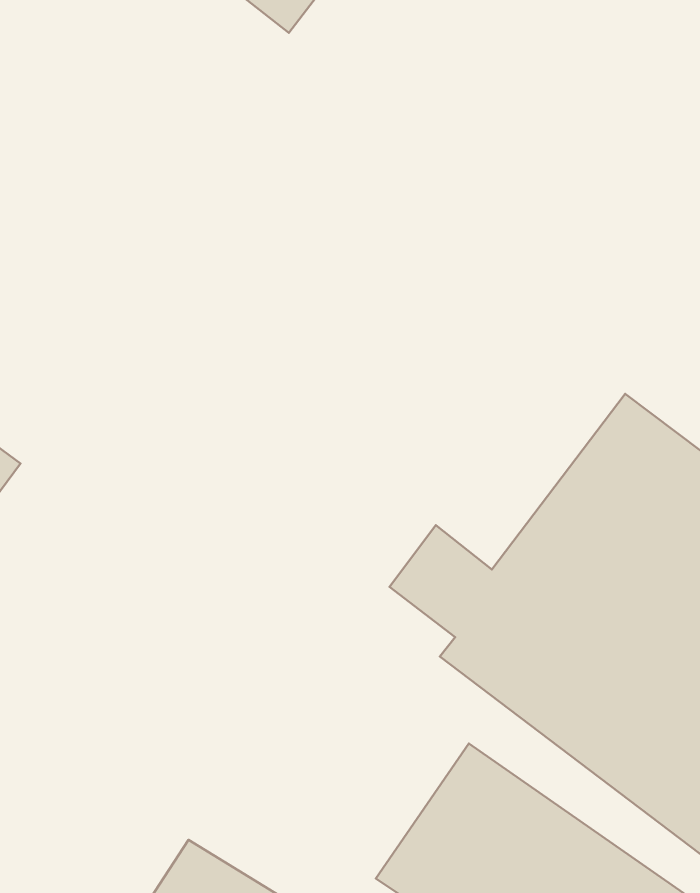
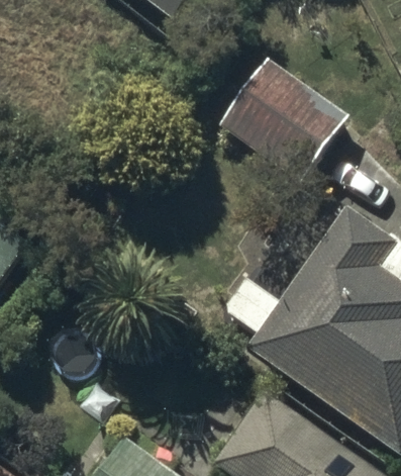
building: none -> [220,57,347,182]

